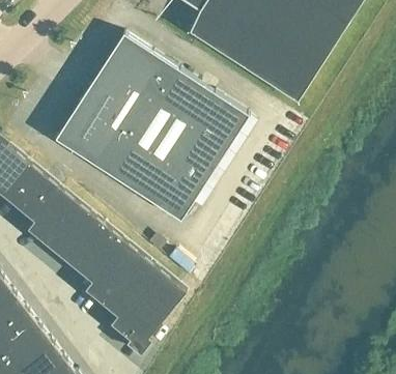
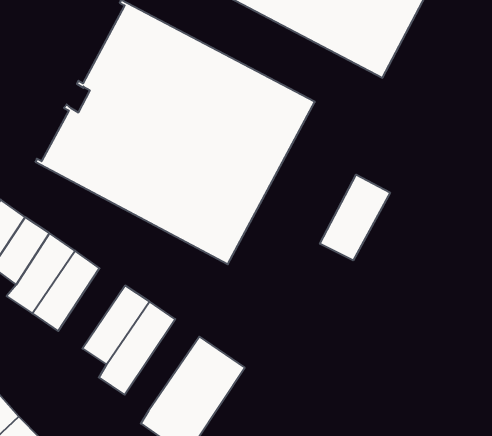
building: none -> [320,175,390,260]
building: [59,214,108,268] -> none
building: [101,254,155,315] -> none

